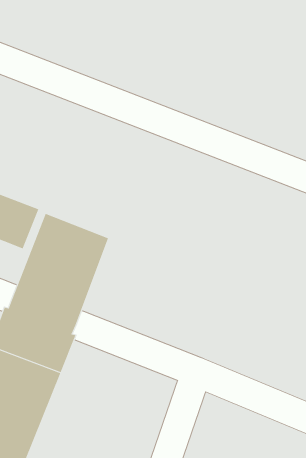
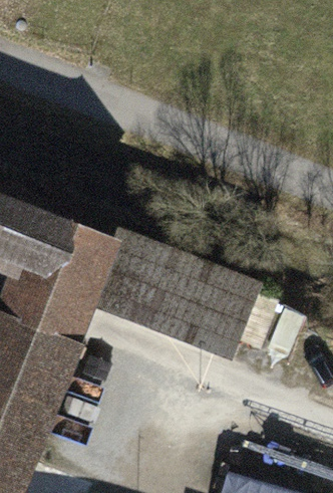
building: none -> [98,235,260,342]

